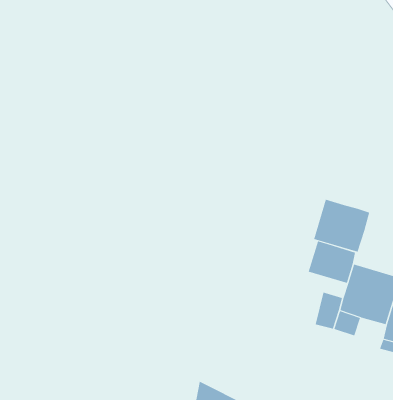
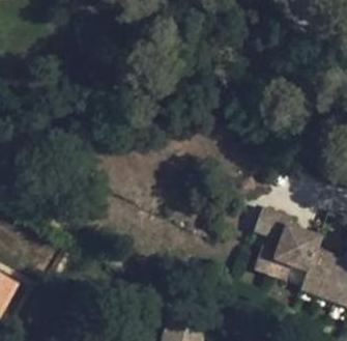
building: [314,199,370,253] -> none

